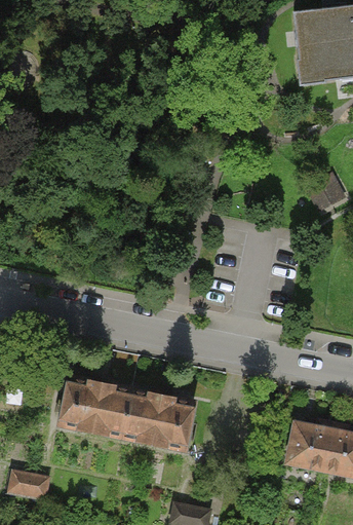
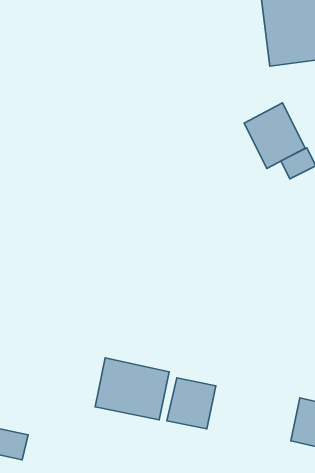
building: none -> [244,103,305,168]
building: [55,374,131,438] -> none
building: [281,420,331,473] -> [167,378,216,429]

